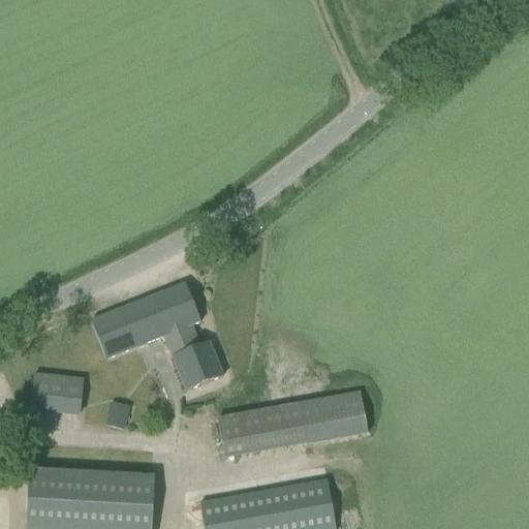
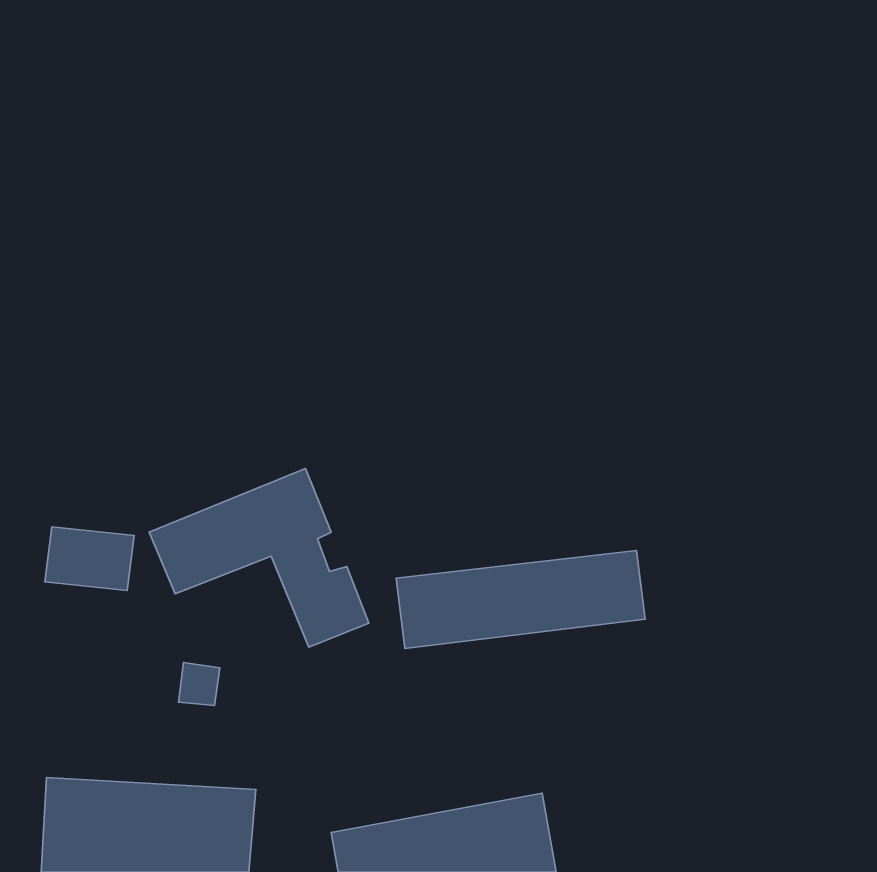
building: [29,373,83,411] -> [45,527,134,590]
building: [222,394,372,453] -> [396,551,645,649]

